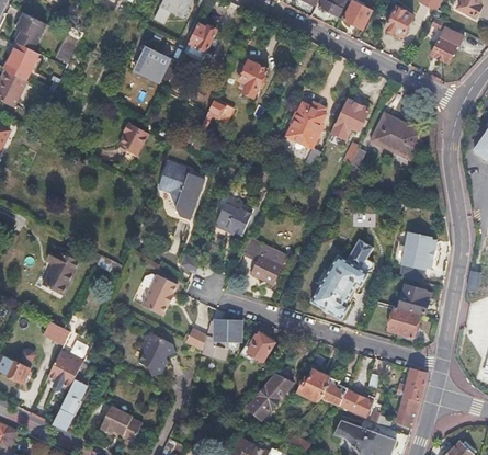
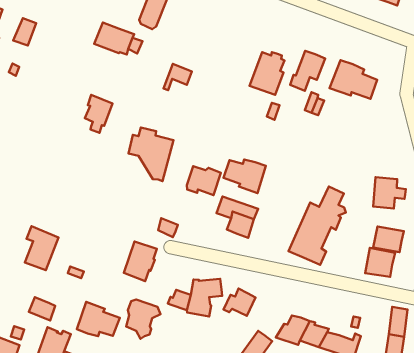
building: [238,59,269,98] -> none
building: none -> [223,160,266,193]
building: none -> [77,302,120,336]

